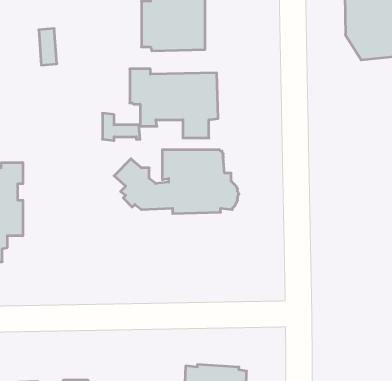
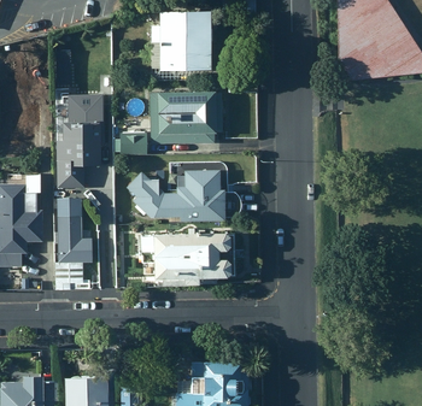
building: none -> [55,95,105,189]
building: none -> [54,200,86,288]
building: none -> [141,228,230,287]

